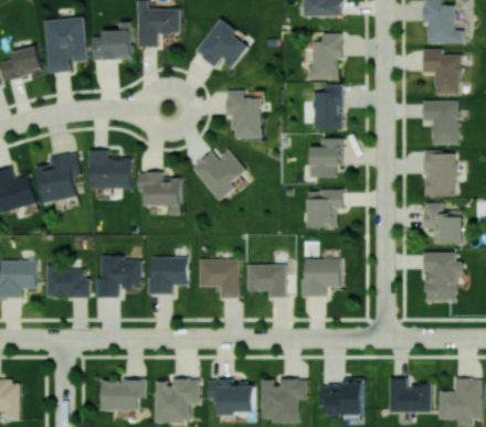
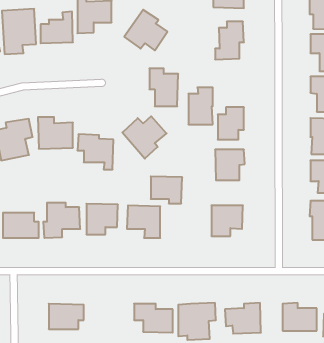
building: [313,84,342,129] -> [188,87,213,124]
building: [247,264,286,297] -> [151,176,182,203]
building: [156,378,200,421] -> none

